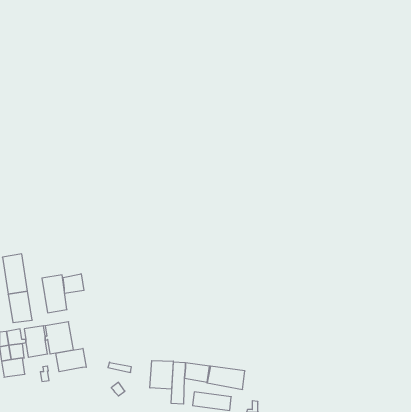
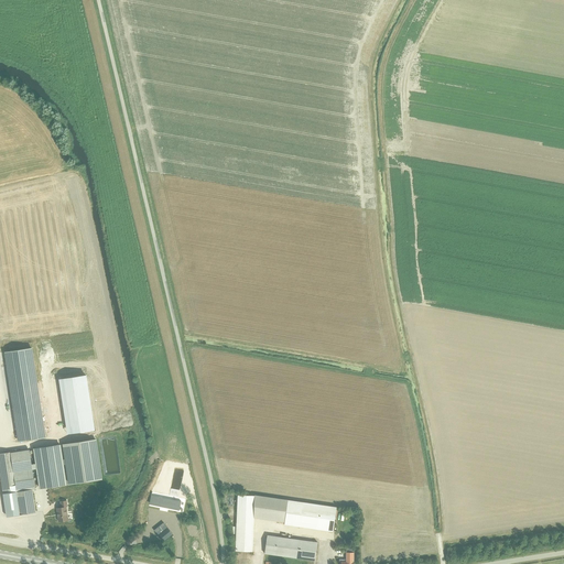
building: [63,274,84,294] -> none
building: [56,348,86,372] -> none
building: [150,361,173,389] -> none

